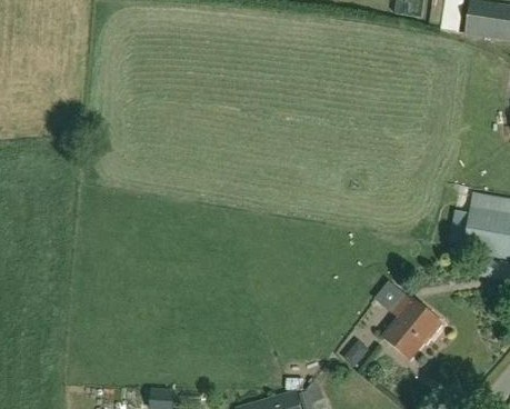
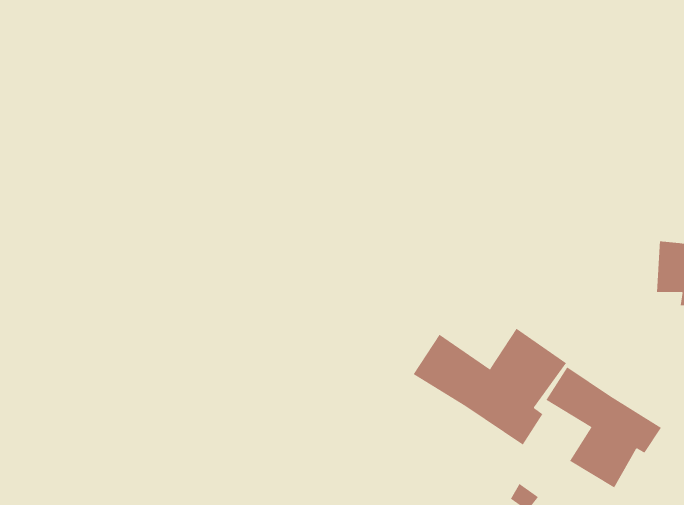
building: none -> [413,328,567,445]

